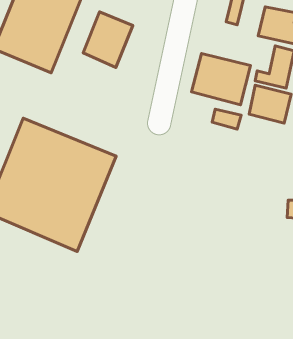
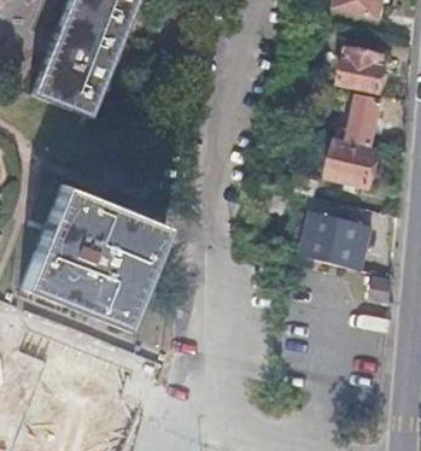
building: [83,12,133,68] -> none
building: [192,54,251,105] -> [303,209,374,270]

